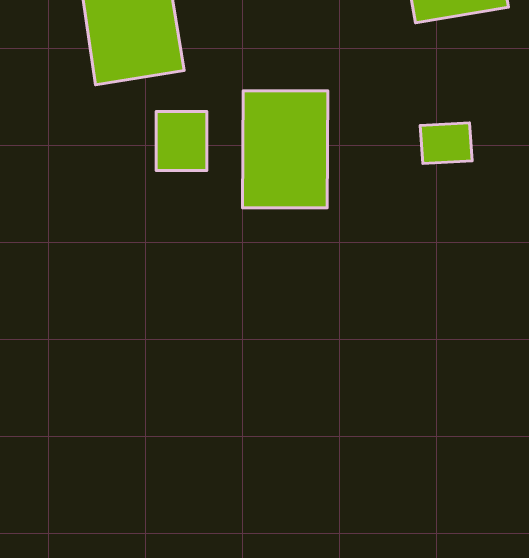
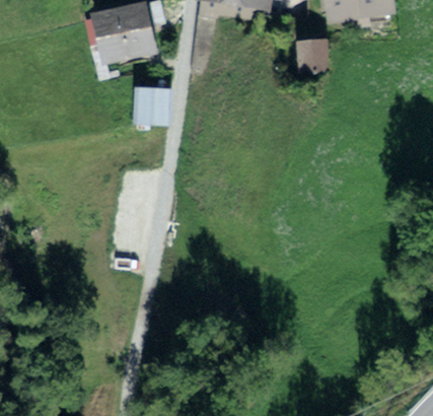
building: [242,91,328,208] -> none
building: [420,123,472,164] -> [294,39,332,68]

